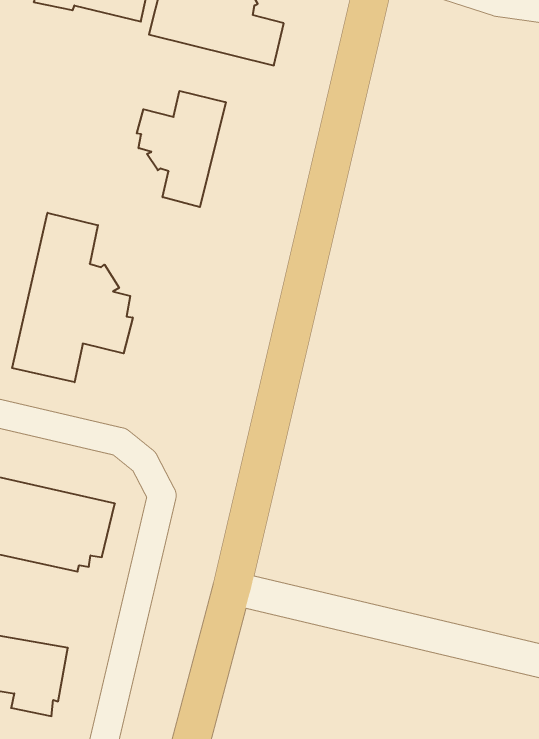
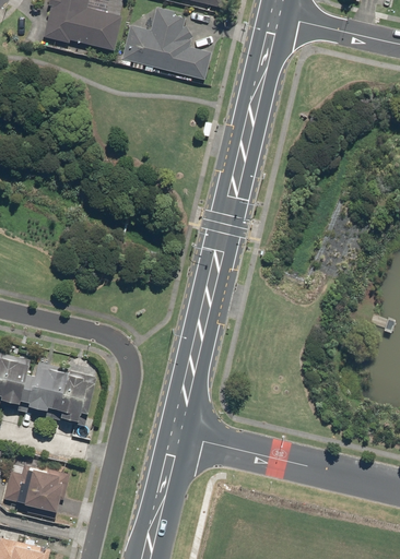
building: [137,91,226,207] -> none
building: [12,213,133,382] -> none

